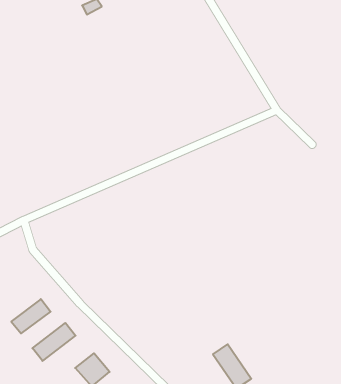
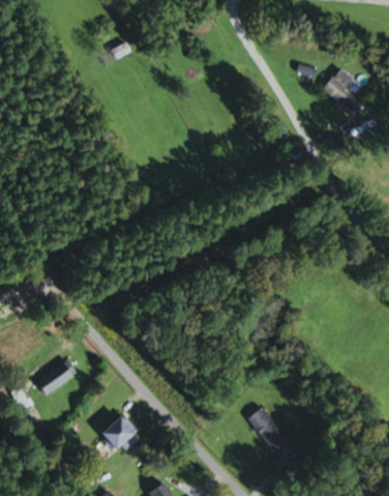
building: none -> [322,67,361,112]
building: [32,323,76,361] -> none

